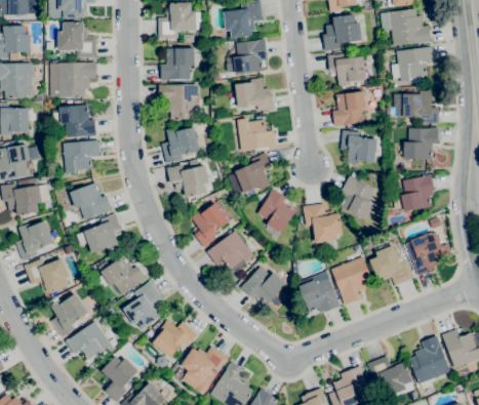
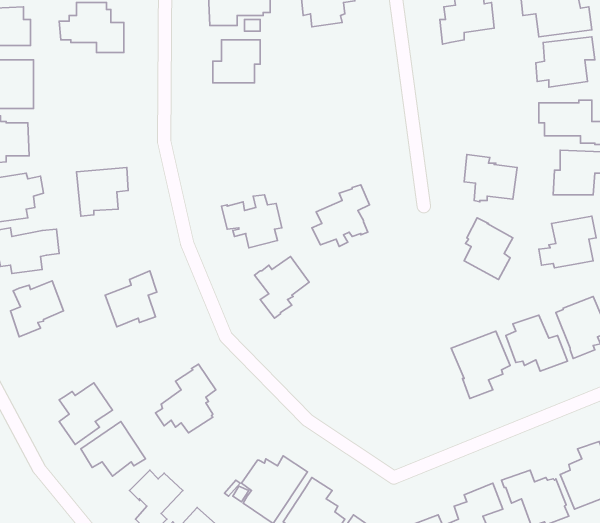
building: [226,38,268,74] -> none
building: [327,53,366,86] -> none
building: [58,62,96,96] -> none
building: [234,78,274,111] -> none
building: [159,84,198,119] -> none
building: [331,90,365,126] -> none
building: [59,105,96,137] -> none
building: [236,117,276,151] -> none
building: [161,123,200,163] -> none
building: [69,183,112,219] -> none
building: [257,189,296,234] -> none
building: [302,203,343,243] -> none
building: [206,230,253,275] -> none
building: [97,255,147,295] -> none
building: [24,257,69,294] -> none
building: [241,266,287,305] -> none
building: [297,269,340,313] -> none
building: [152,319,197,359] -> none

